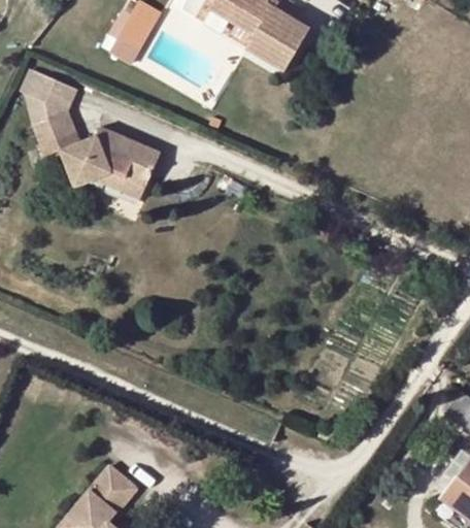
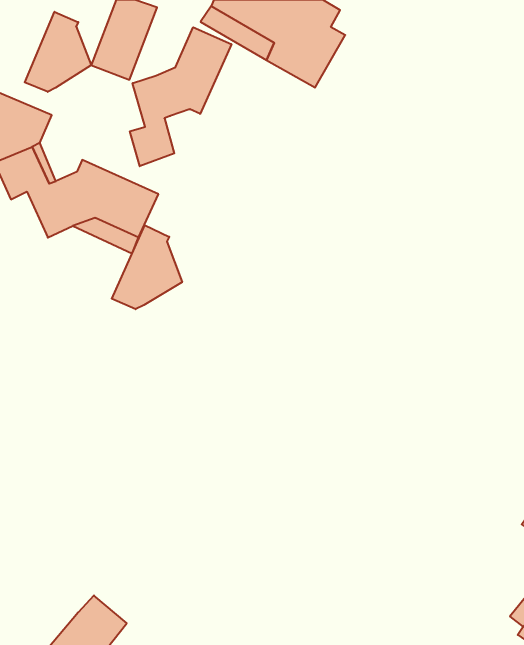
building: none -> [25,12,91,92]
building: none -> [130,27,231,166]
building: none -> [112,225,182,309]

